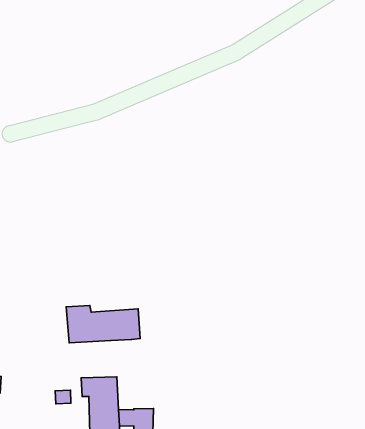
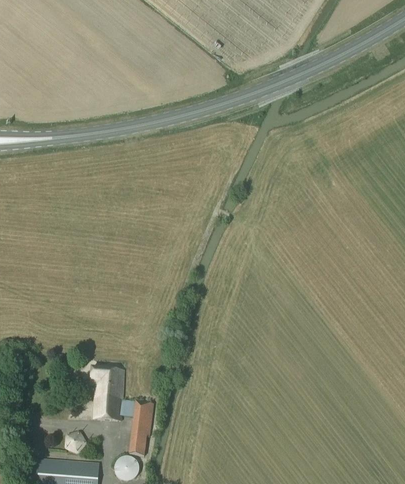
building: [66,306,140,343] -> none

